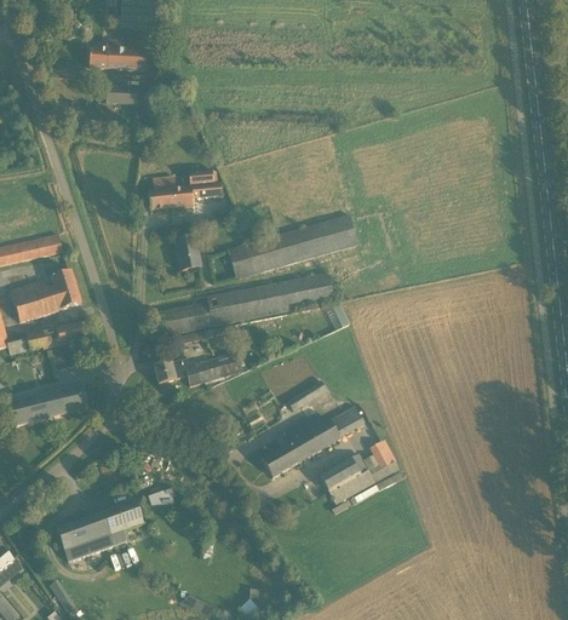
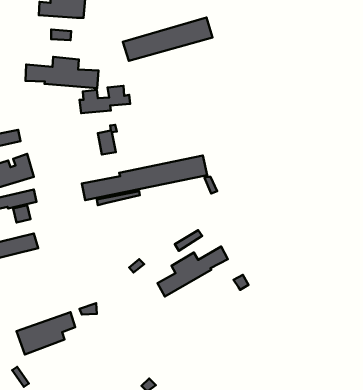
building: none -> [25,57,98,88]
building: [228,214,358,277] -> [123,18,212,61]
building: [154,351,242,385] -> none
building: [320,457,374,503] -> none

